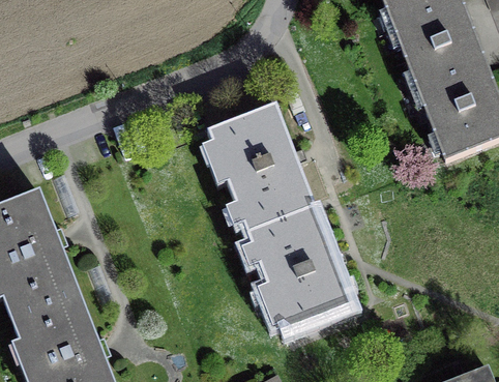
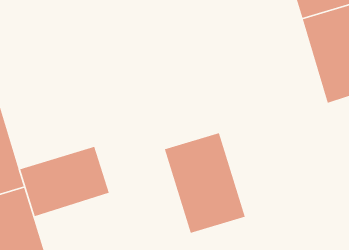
building: [207,105,314,231] -> none
building: none -> [19,146,110,217]

